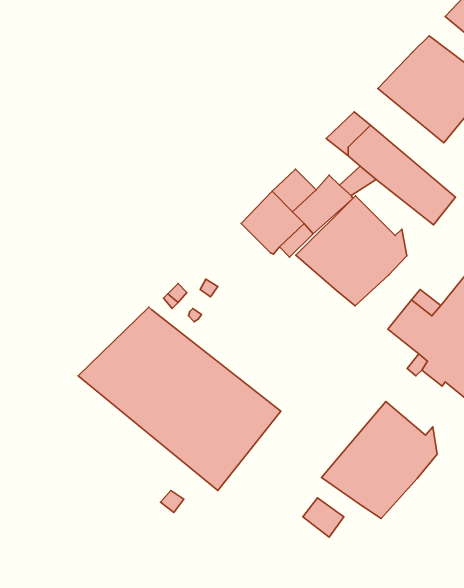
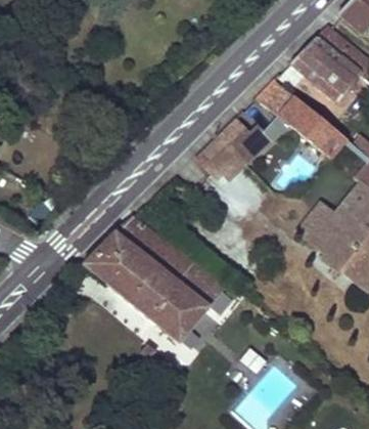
building: [296,196,407,306] -> none
building: [322,401,437,518] -> none

